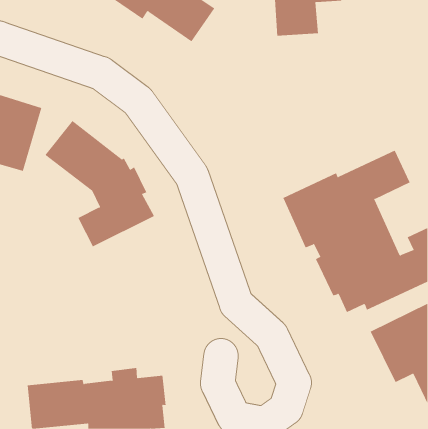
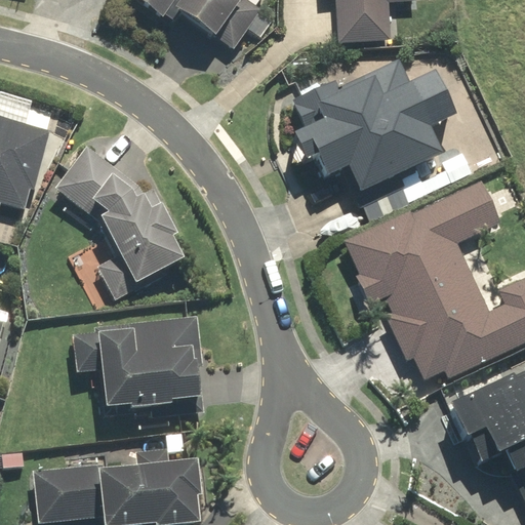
building: none -> [291,74,445,192]
building: none -> [70,317,206,408]

